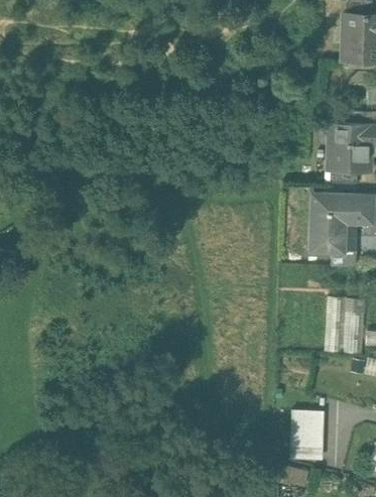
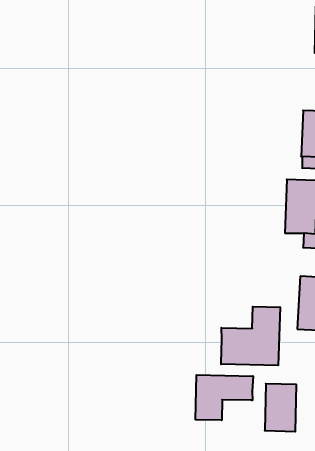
building: none -> [221,307,280,365]
building: none -> [196,375,253,420]

